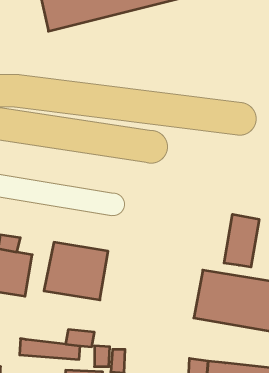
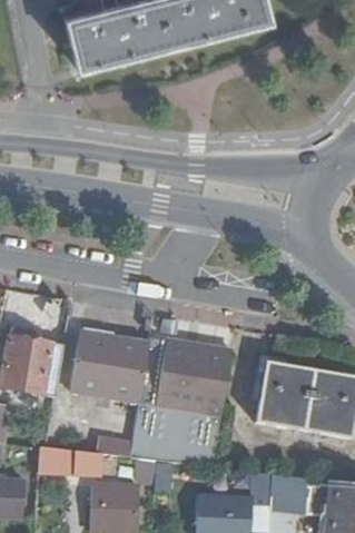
building: [224,214,259,267] -> none
building: none -> [136,334,230,435]

